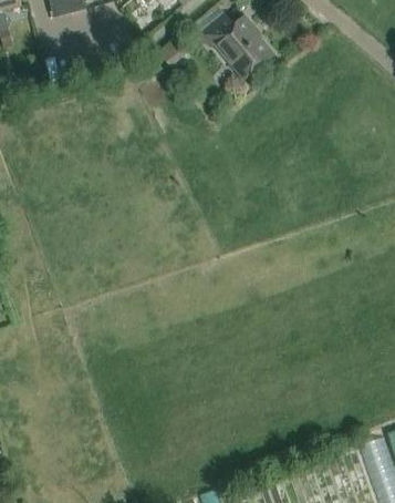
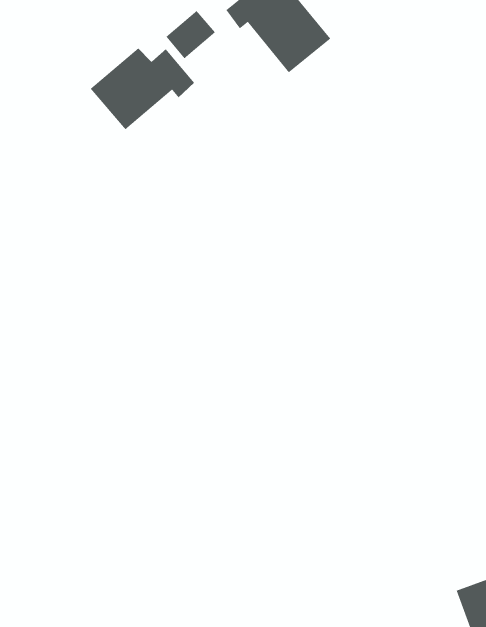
building: none -> [90,47,195,130]

